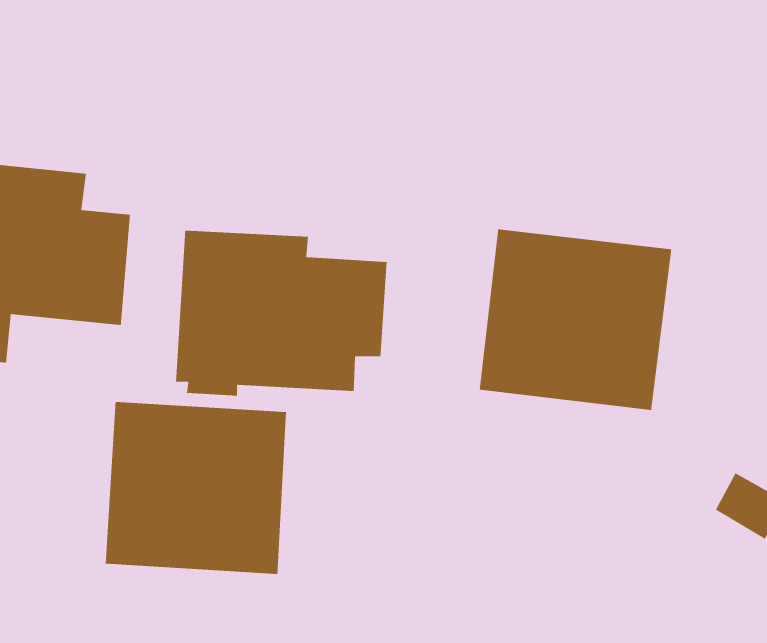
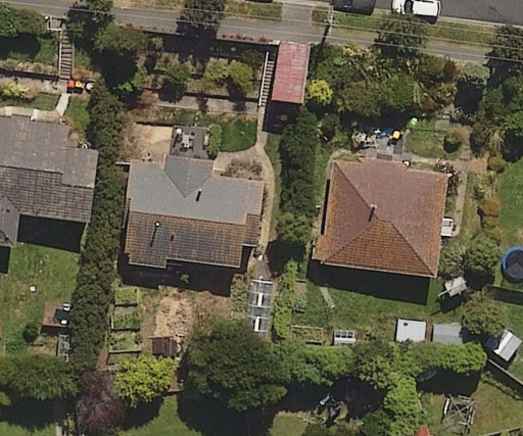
building: [105,401,287,575] -> none

